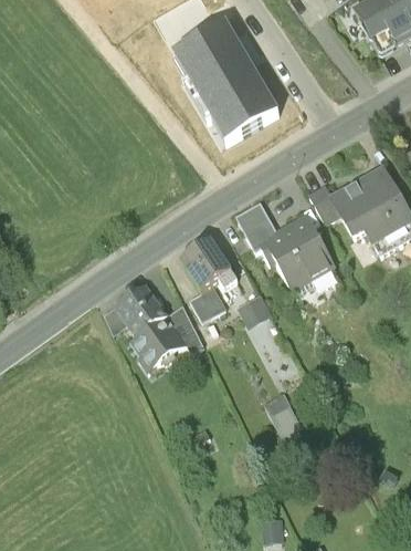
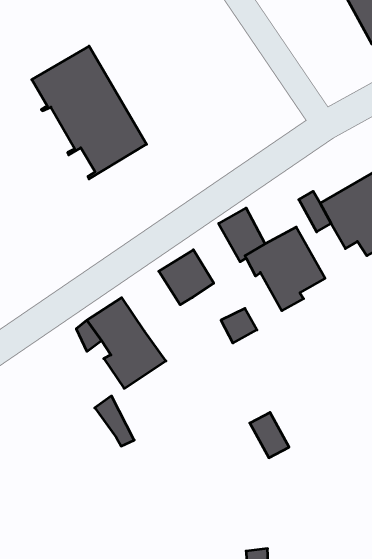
building: [172,20,278,143] -> [32,46,147,179]
building: [188,283,225,320] -> none
building: [167,303,203,350] -> [95,396,134,446]

